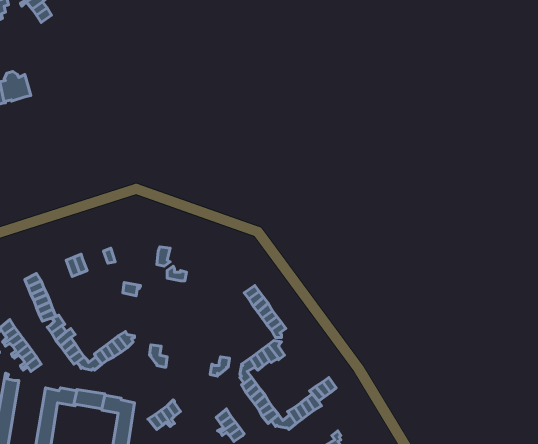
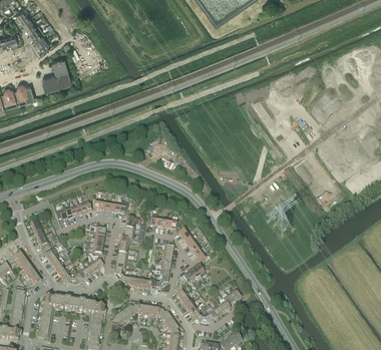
building: none -> [41,58,70,91]

